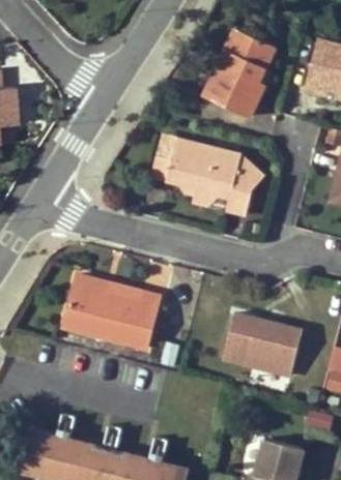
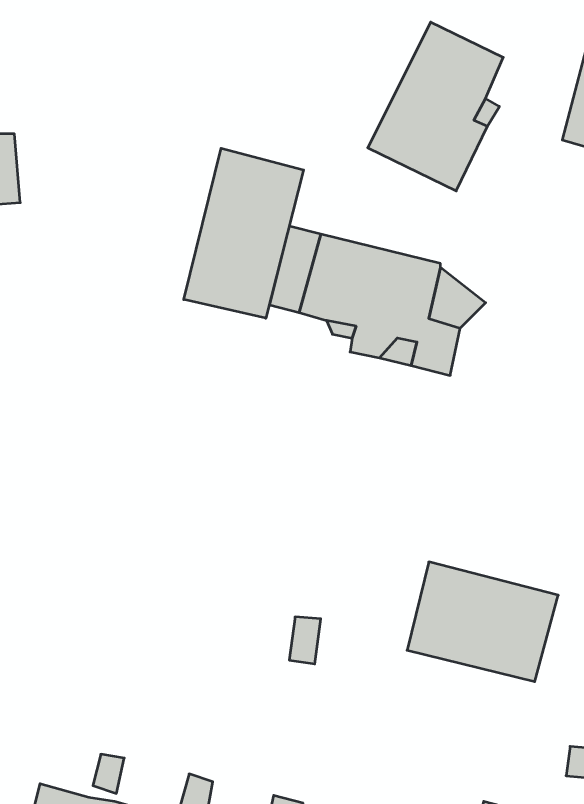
building: none -> [184,148,304,318]
building: [63,276,160,350] -> none

